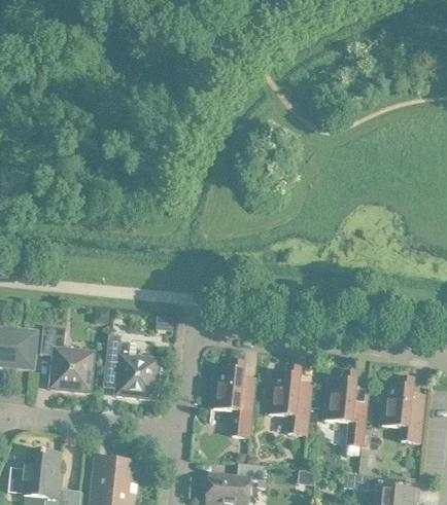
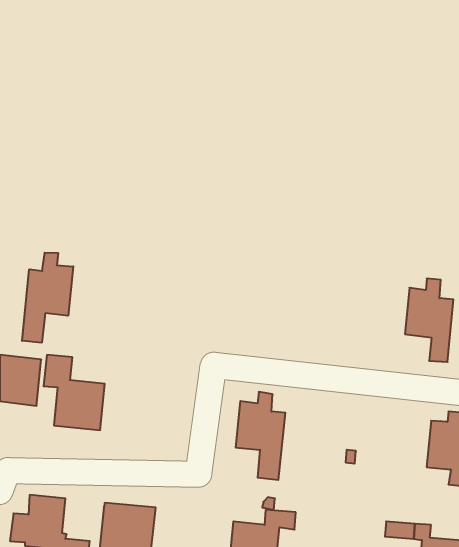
building: none -> [22,253,73,343]
building: [105,334,160,398] -> none
building: [268,364,311,434] -> none
building: [324,369,368,443] -> [405,279,453,362]

